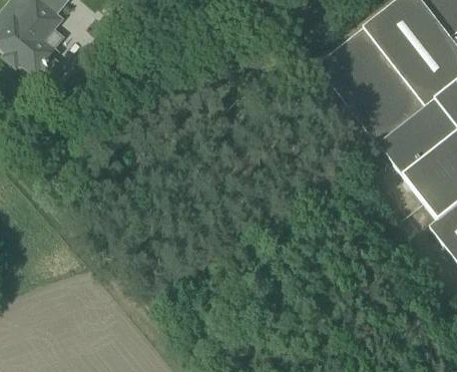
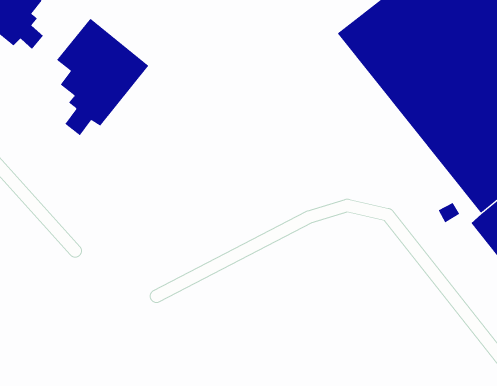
building: none -> [56,18,149,136]

